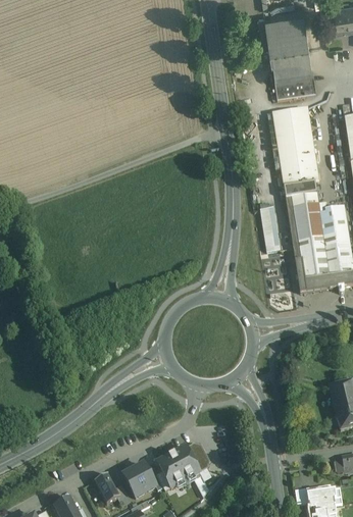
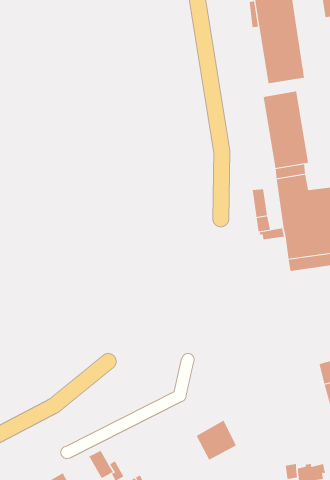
building: [157,446,199,487] -> [196,420,237,461]
building: [122,464,156,497] -> none

